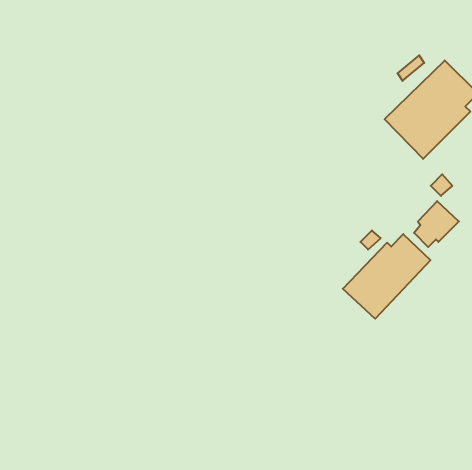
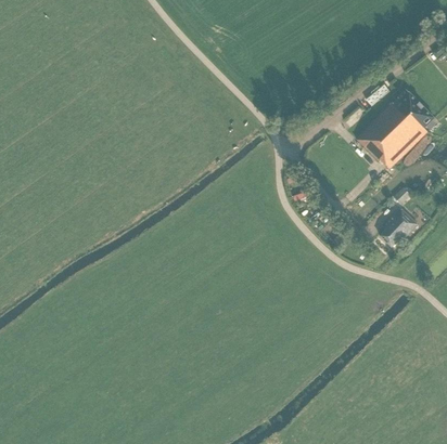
building: [343,234,430,319] -> none

